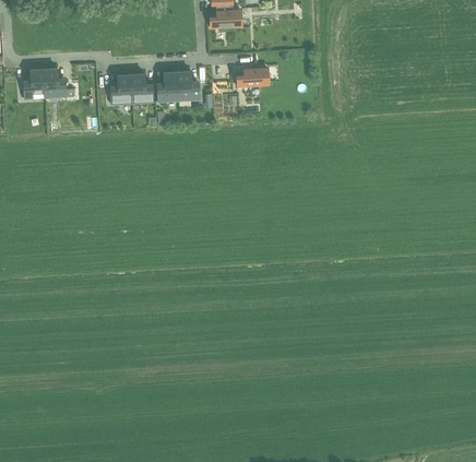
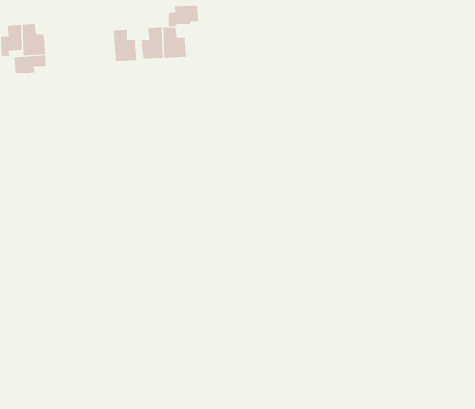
building: [238,67,267,87] -> [168,5,199,27]
building: [111,74,133,105] -> none
building: none -> [14,55,46,74]

